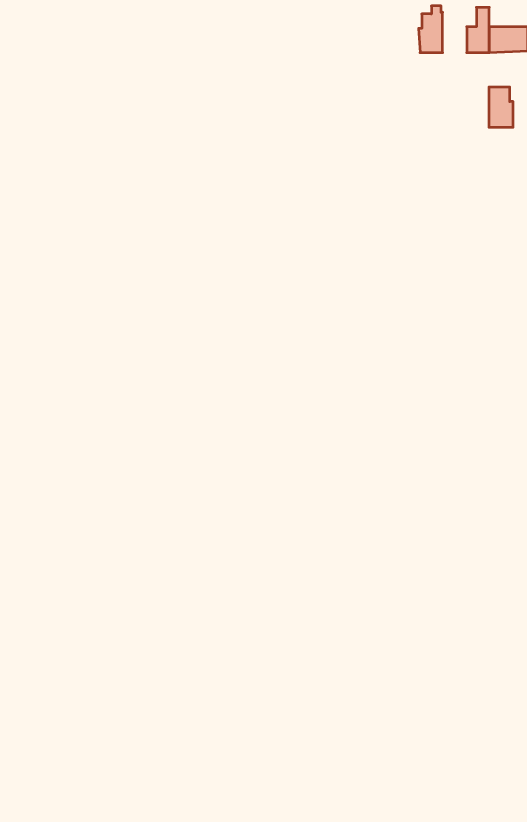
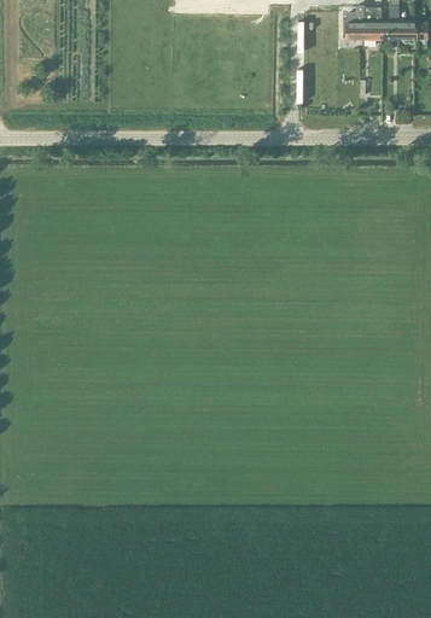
building: [489,87,513,127] -> [365,10,383,40]

